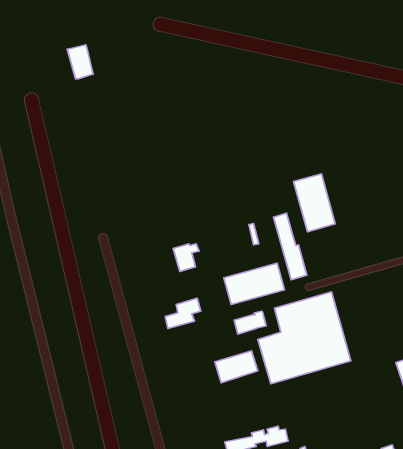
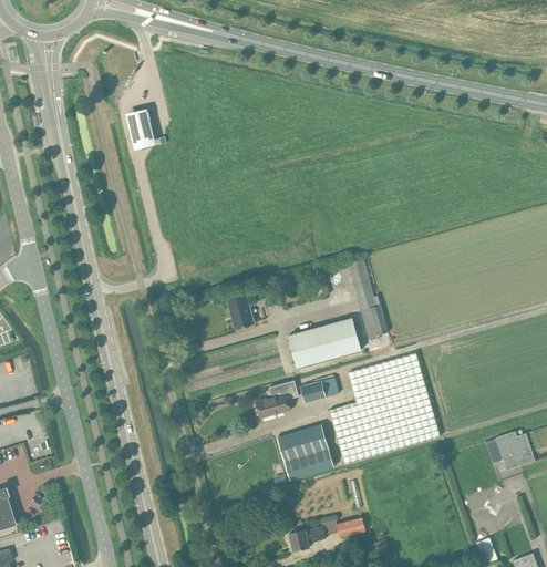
building: [67,45,93,79] -> [123,105,154,146]
building: [294,174,335,232] -> none
building: [165,298,201,329] -> [255,380,298,416]
building: none -> [283,447,333,481]

